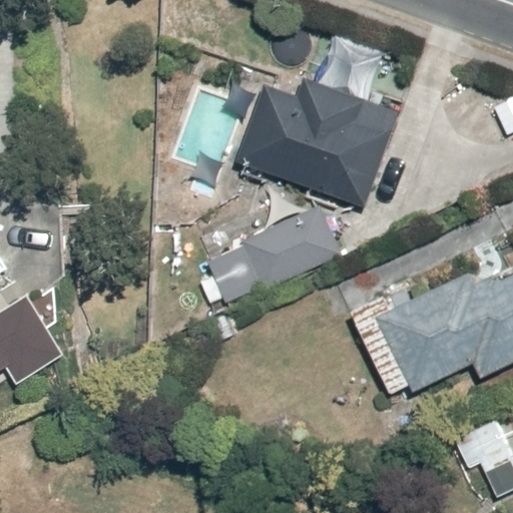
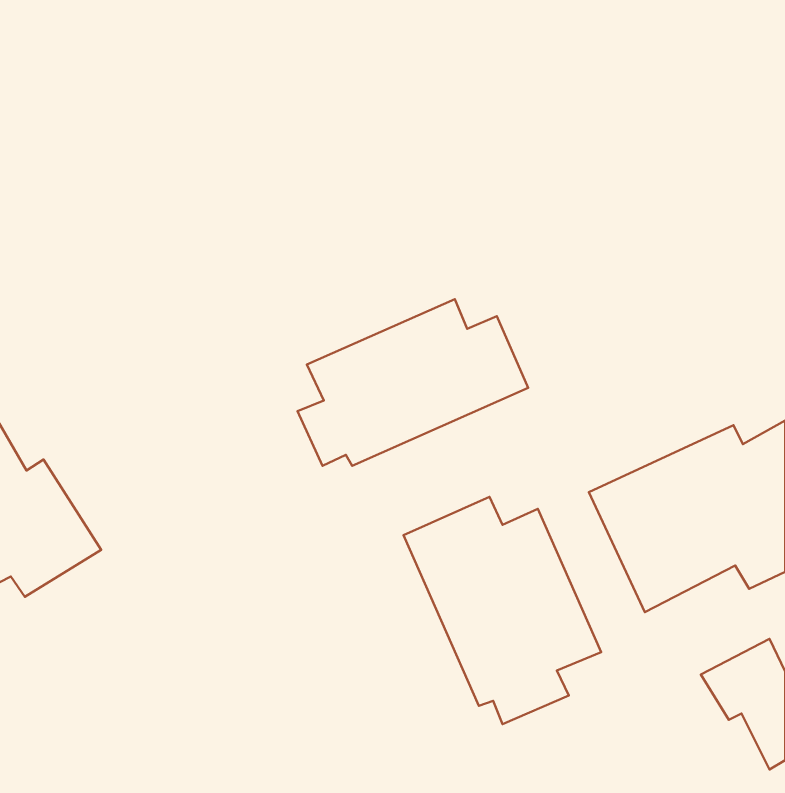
building: [237,79,399,208] -> none
building: none -> [403,497,601,724]

